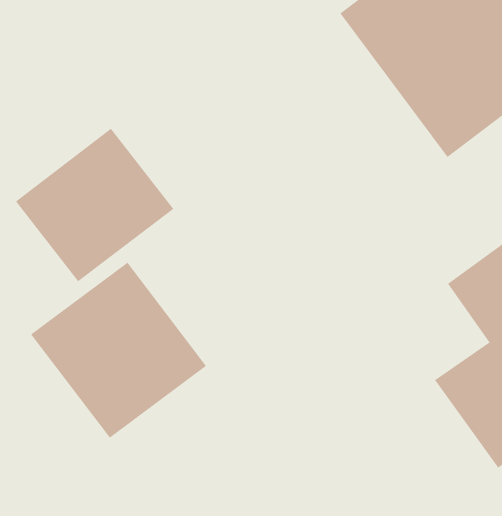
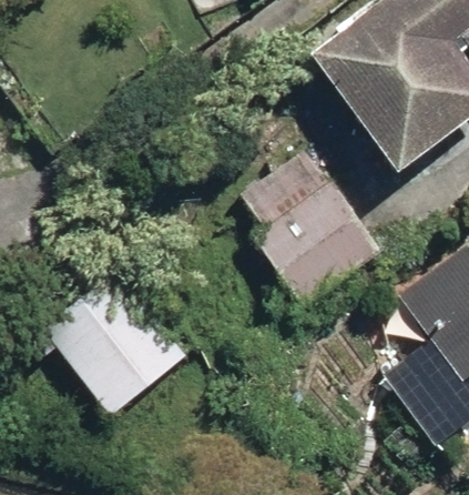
building: none -> [223,147,378,310]
building: [15,128,174,282] -> none

